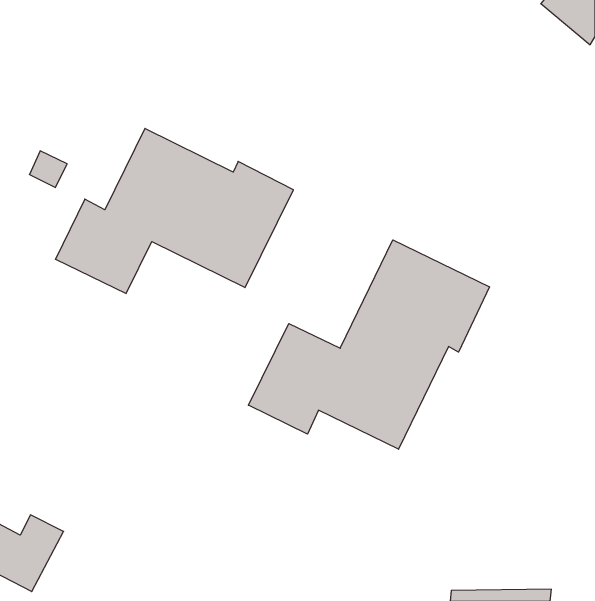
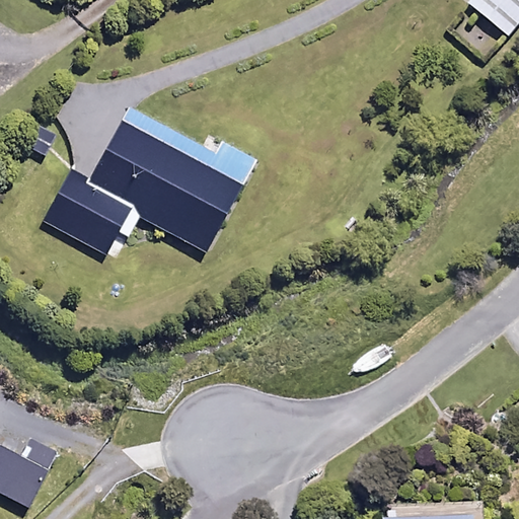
building: [248,240,489,449] -> none

